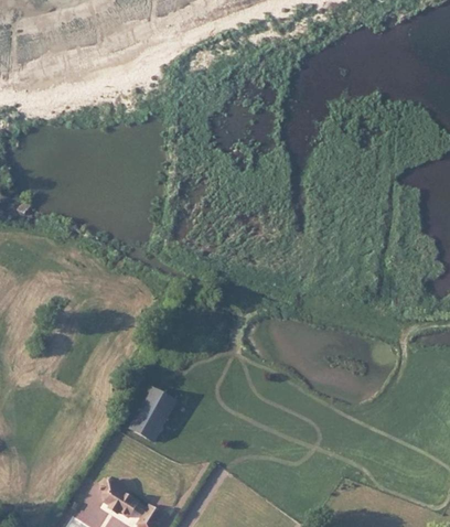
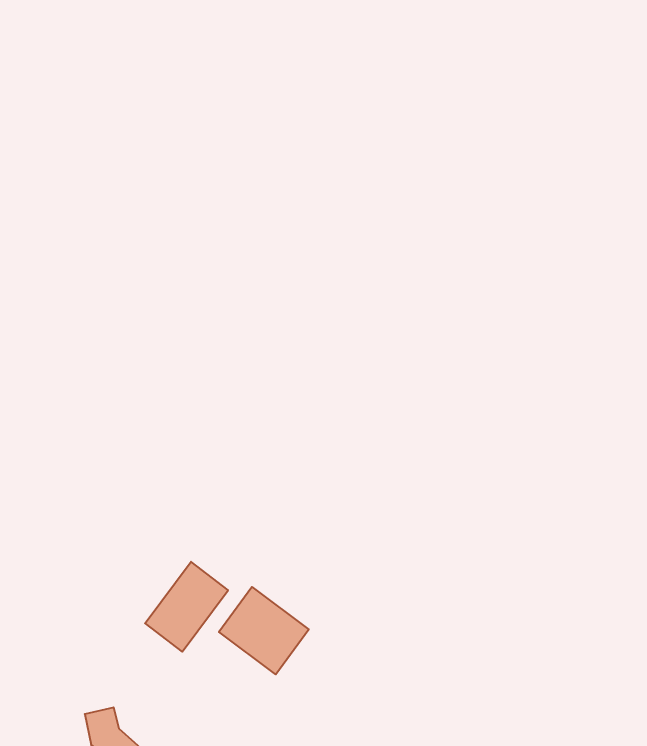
building: none -> [219,587,309,674]

